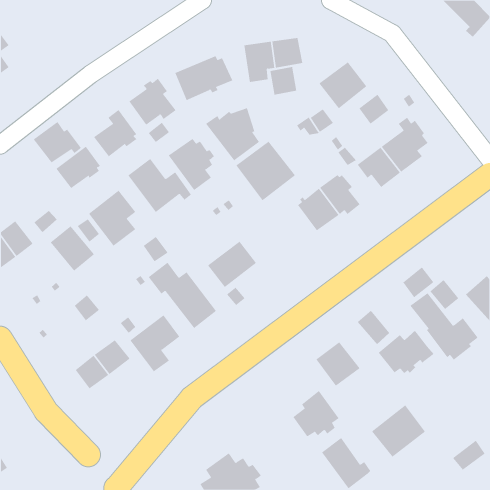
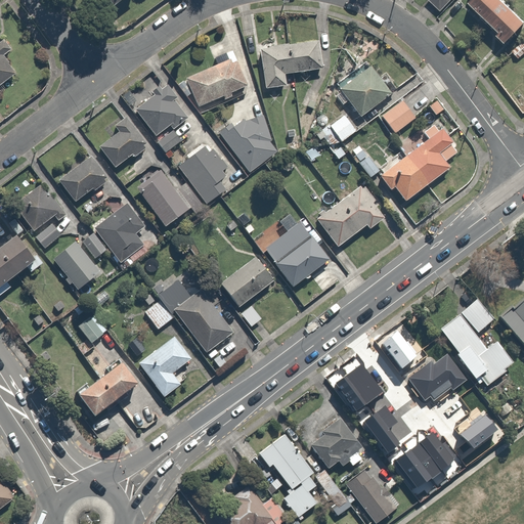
building: [270,66,297,96] -> none
building: [33,121,82,163] -> [14,185,67,230]
building: [235,141,296,201] -> [265,221,330,286]
building: [143,236,169,262] -> [145,301,173,329]
building: [403,267,434,298] -> none
building: none -> [364,407,399,451]
building: none -> [256,432,315,517]
building: [452,440,486,471] -> [460,414,495,447]

